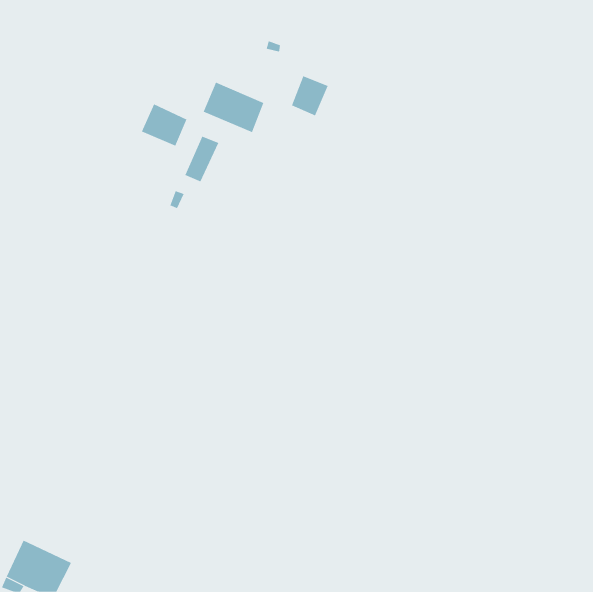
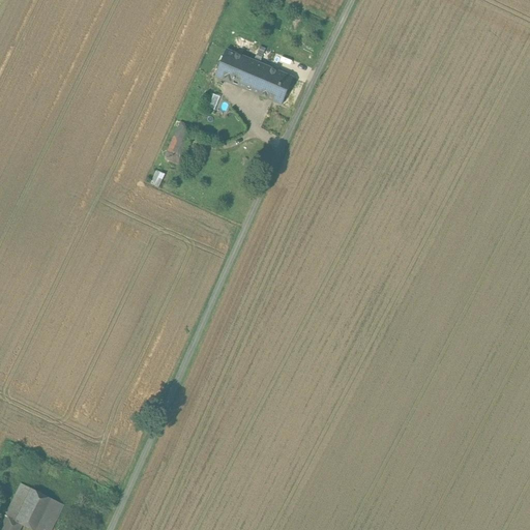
building: [203,82,264,133] -> [215,49,270,94]
building: [141,103,187,147] -> none

